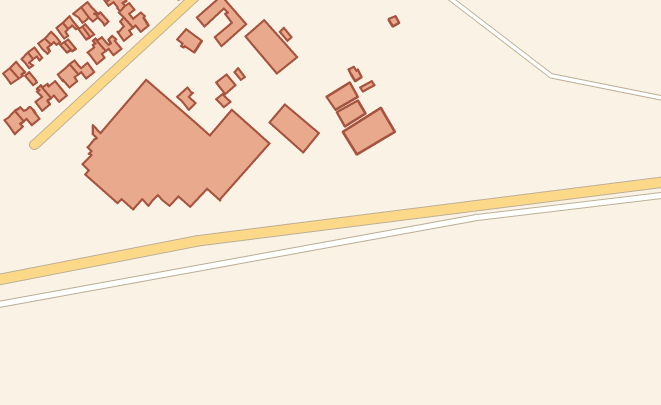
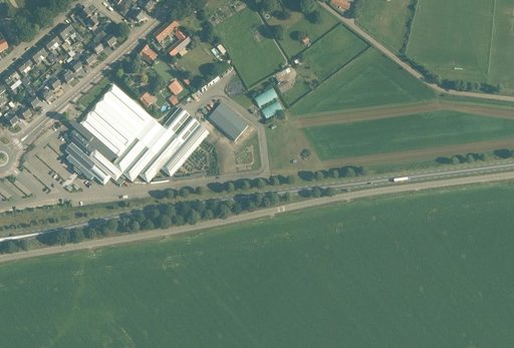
building: [245,20,297,73] -> none
building: [343,108,395,155] -> none

